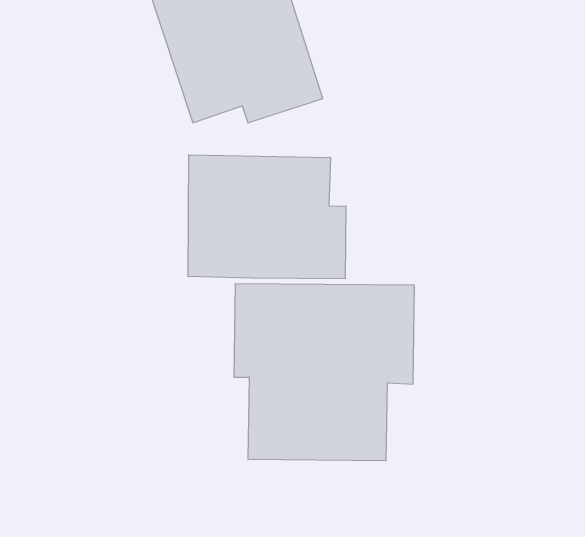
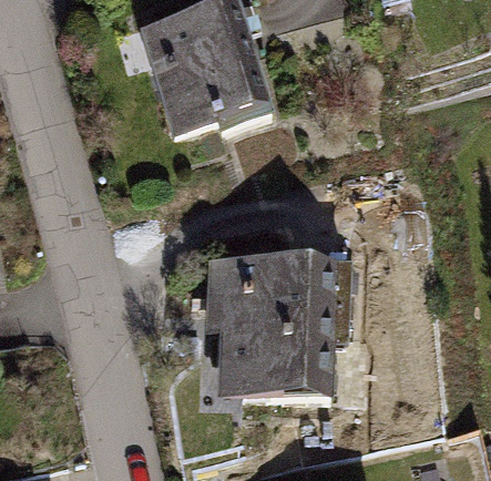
building: [188,155,346,279] -> none

